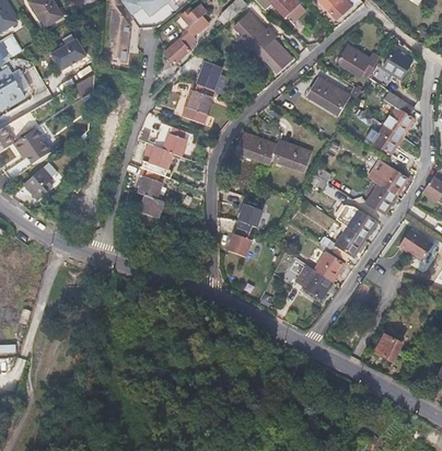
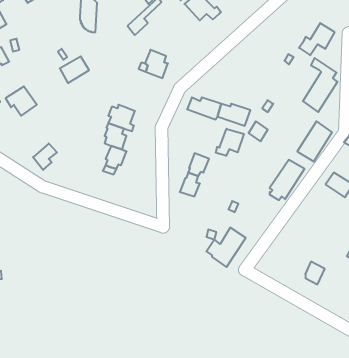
building: [251,38,292,72] -> none
building: [49,39,84,71] -> [60,56,89,83]
building: [336,45,381,78] -> none
building: [191,60,223,89] -> none
building: [306,77,349,115] -> none
building: [162,128,187,158] -> none
building: [23,167,51,199] -> [33,143,57,170]
building: none -> [216,129,244,156]
building: [295,253,342,300] -> [206,228,246,267]

